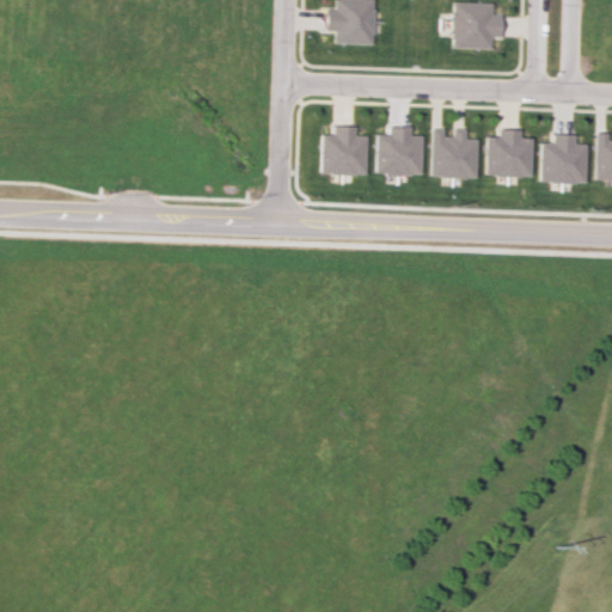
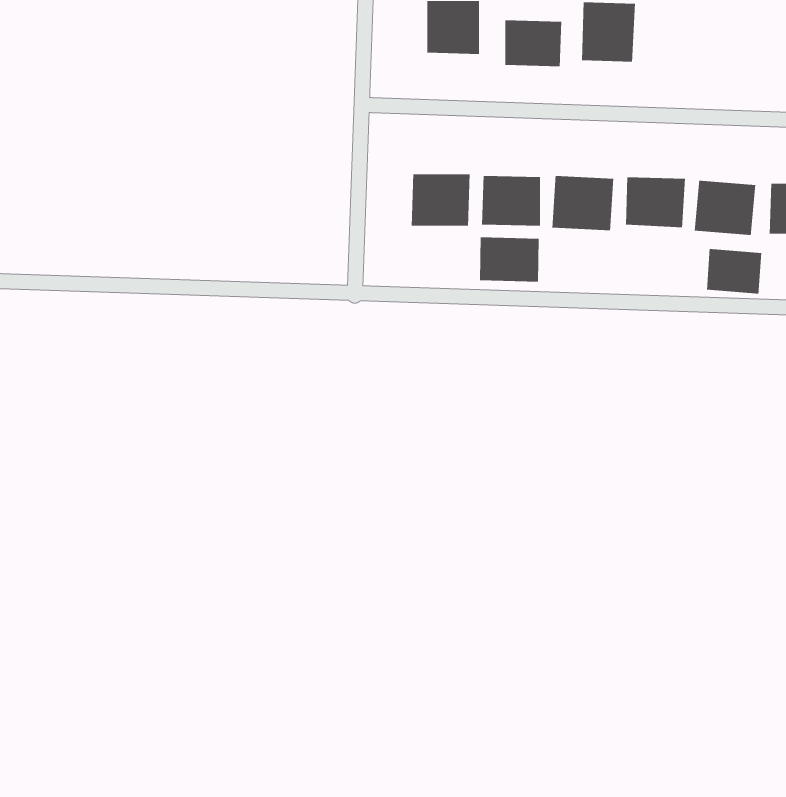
building: none -> [504,19,562,67]
building: none -> [479,236,540,283]
building: none -> [706,248,762,294]

